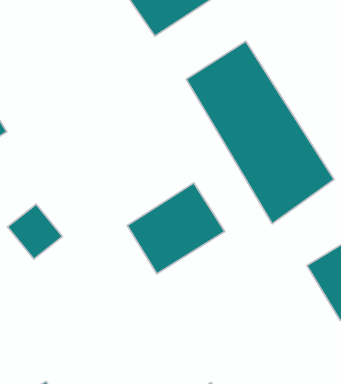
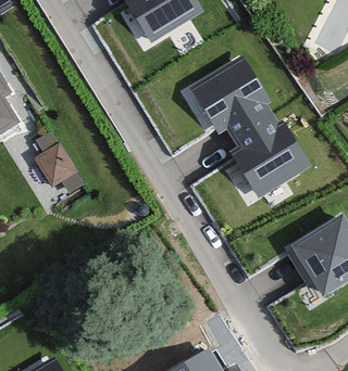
building: [127,183,225,274] -> none
building: [8,204,63,259] -> [32,140,82,190]

